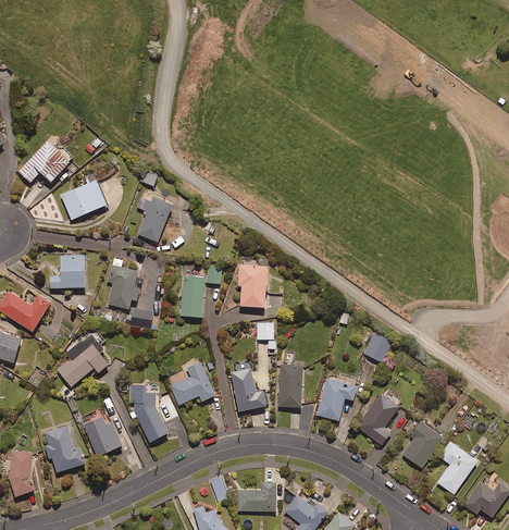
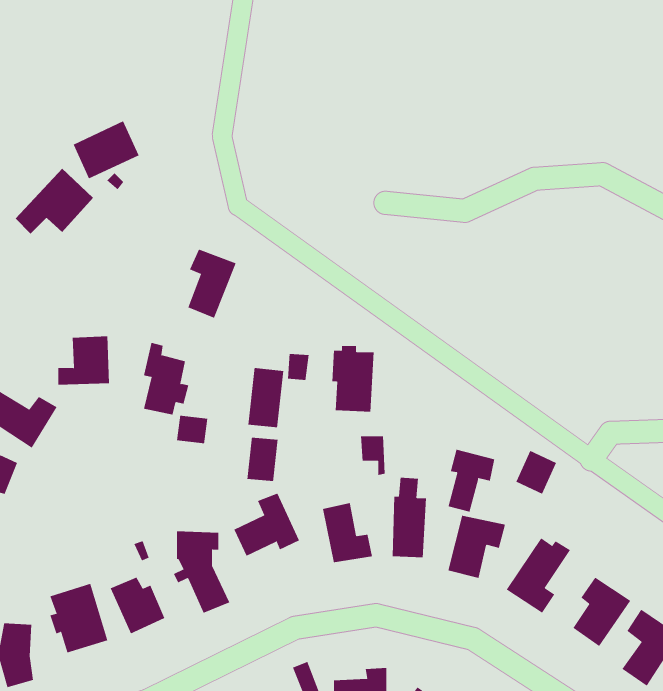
building: [63,183,109,223] -> [73,121,139,179]
building: none -> [247,437,278,482]
building: none -> [448,449,495,512]
building: [55,332,108,385] -> none

